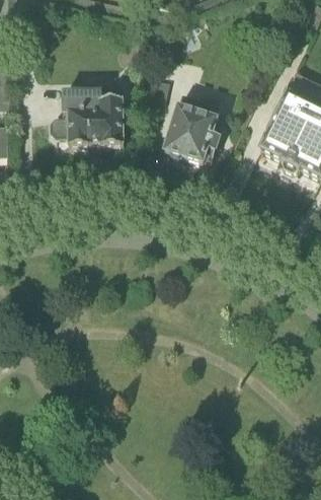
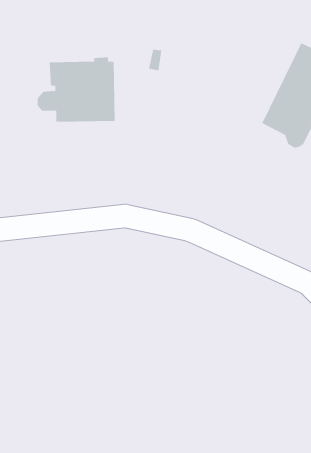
building: [164,94,221,162] -> none

